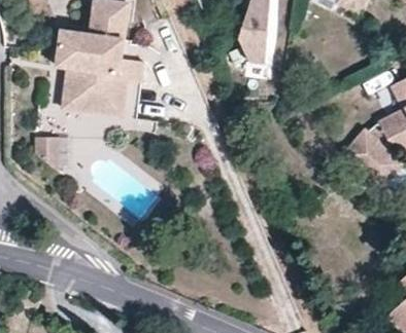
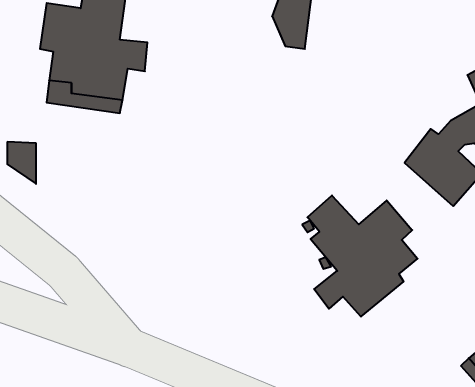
building: none -> [307,195,418,317]

